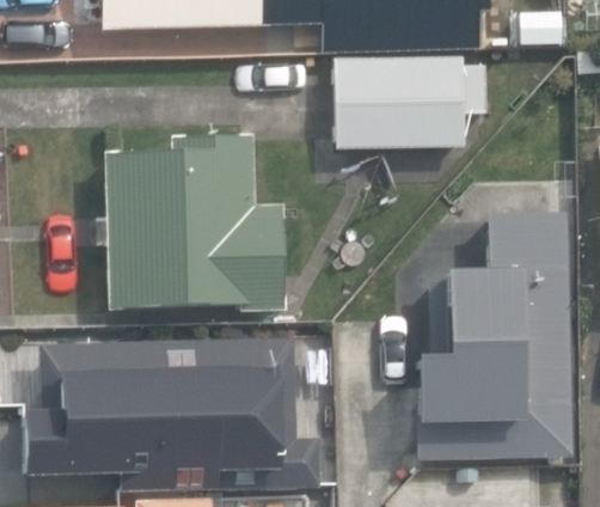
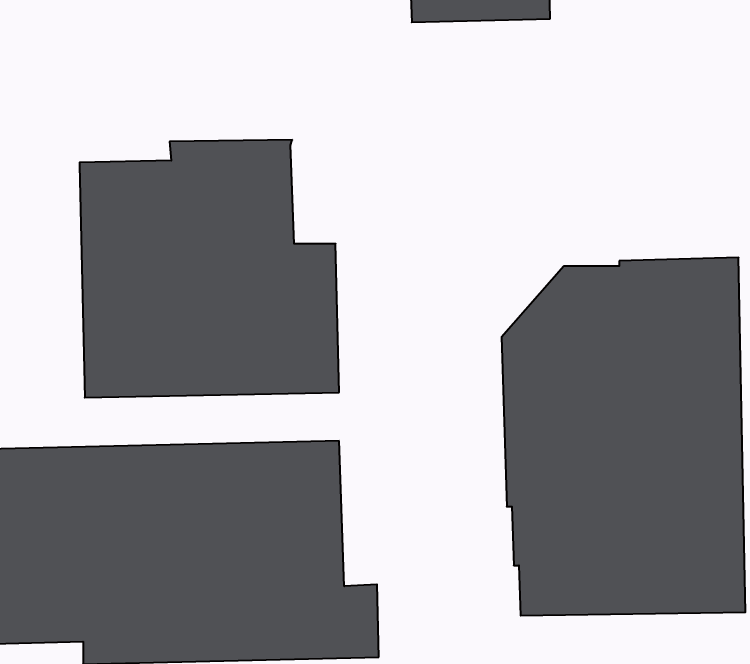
building: [338,55,489,147] -> none

